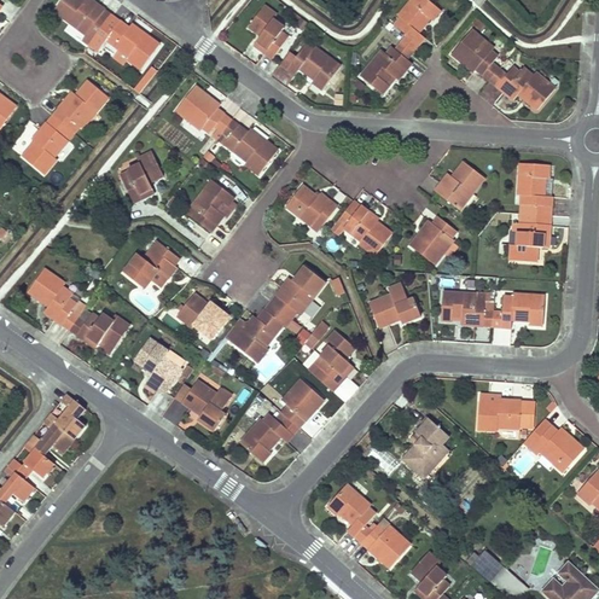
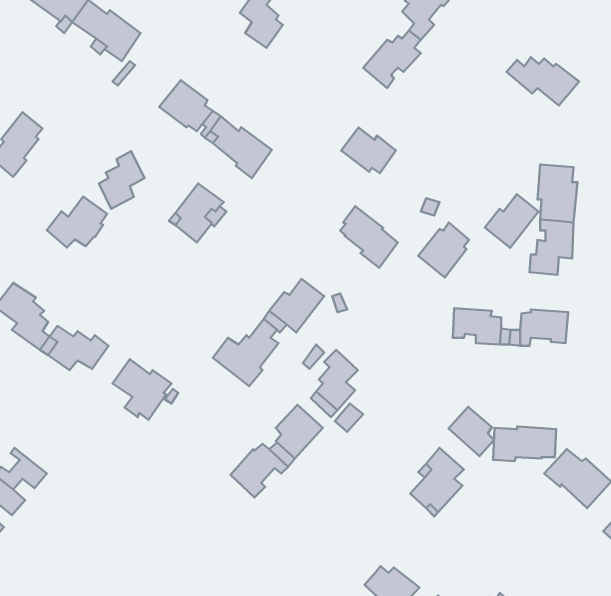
building: [452,30,499,80] -> none
building: [286,45,341,89] -> none
building: [53,81,109,133] -> none
building: [435,161,483,209] -> [485,194,538,248]
building: [286,186,336,227] -> [341,128,396,173]
building: [124,242,179,287] -> [47,197,107,248]
building: [368,284,421,327] -> none
building: [176,295,228,338] -> none
building: [182,380,231,429] -> none
building: none -> [448,407,494,456]
building: [46,394,86,441] -> none
building: [326,484,376,541] -> none

